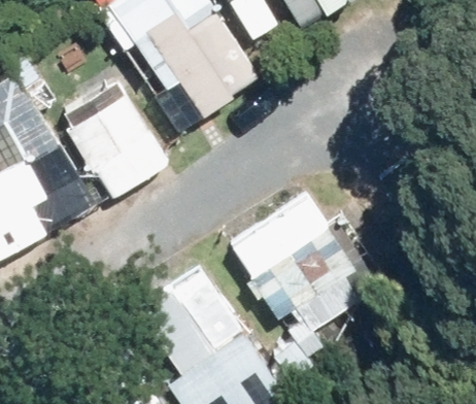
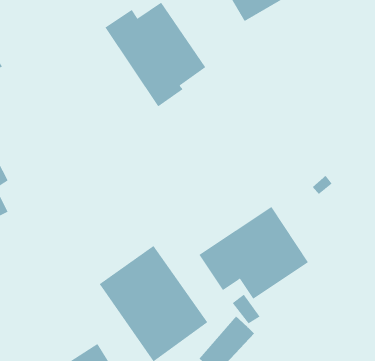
building: [65,94,168,202] -> none

